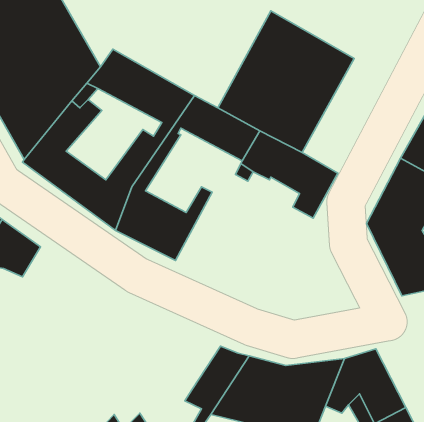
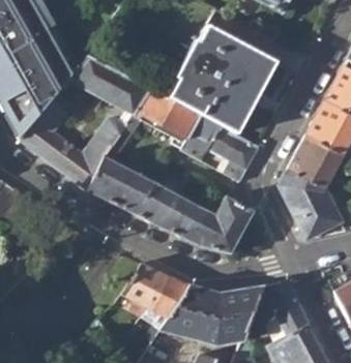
building: none -> [136,155,253,252]
building: none -> [123,264,170,319]

